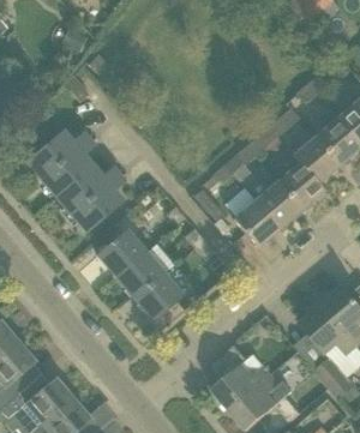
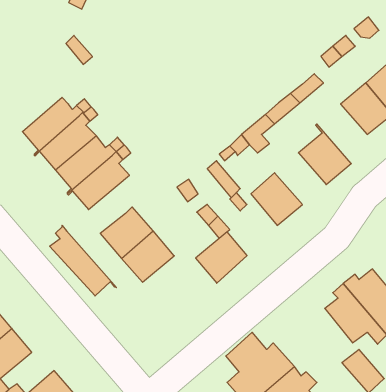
building: [293,136,338,190] -> none
building: [254,180,301,227] -> none
building: none -> [50,225,116,296]
building: [134,273,181,320] -> [196,232,247,283]

